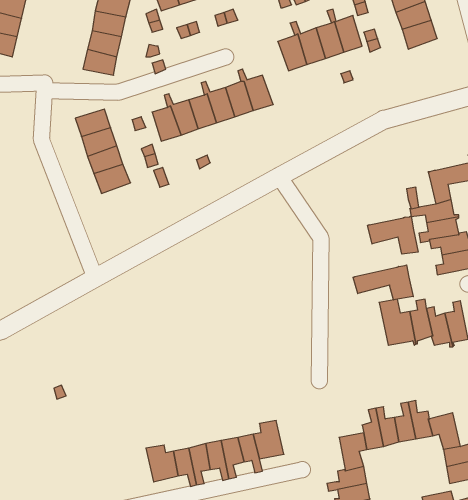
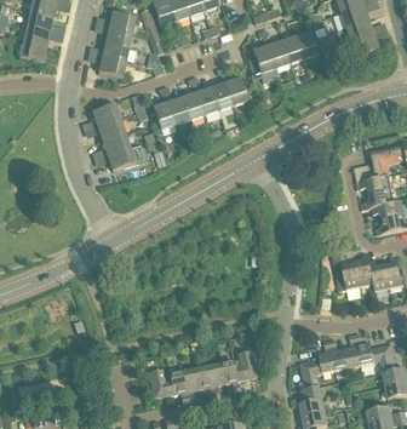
building: [368,216,418,254] -> none
building: [353,265,413,300] -> none

